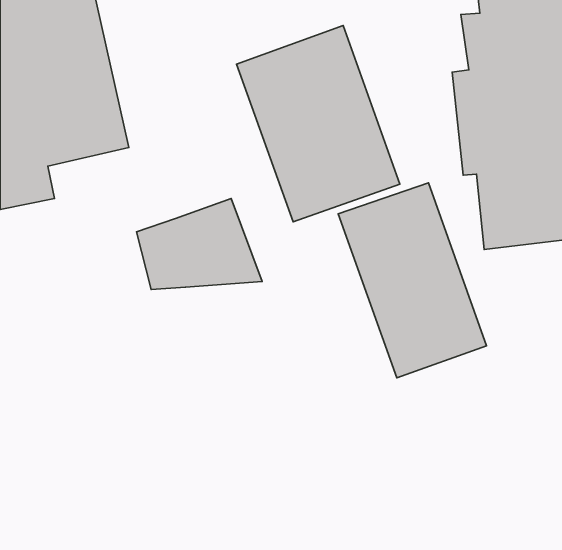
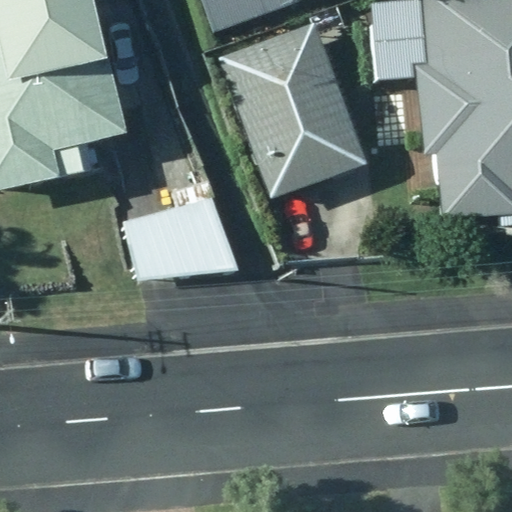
building: [338,183,486,378] -> none

